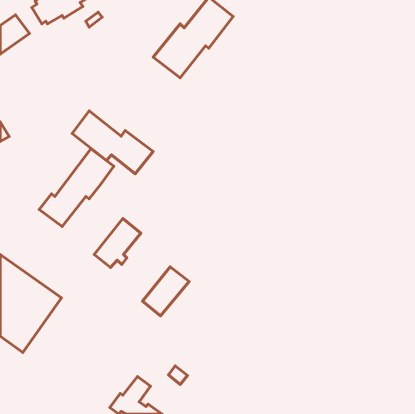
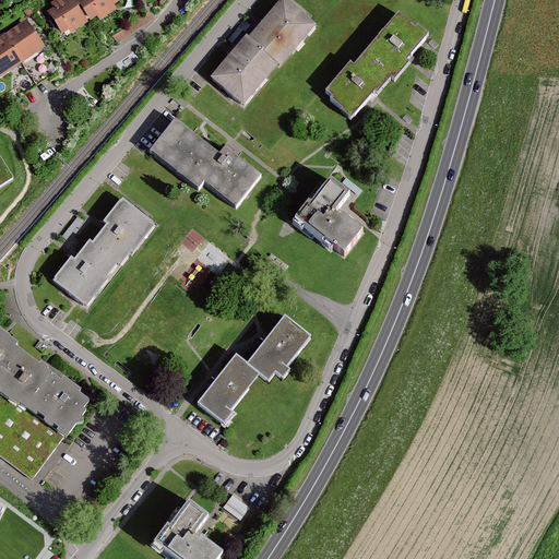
building: none -> [320,12,423,115]
building: [72,111,153,174] -> [157,121,265,205]
building: none -> [299,178,364,255]
building: [94,219,141,268] -> [241,316,304,381]

